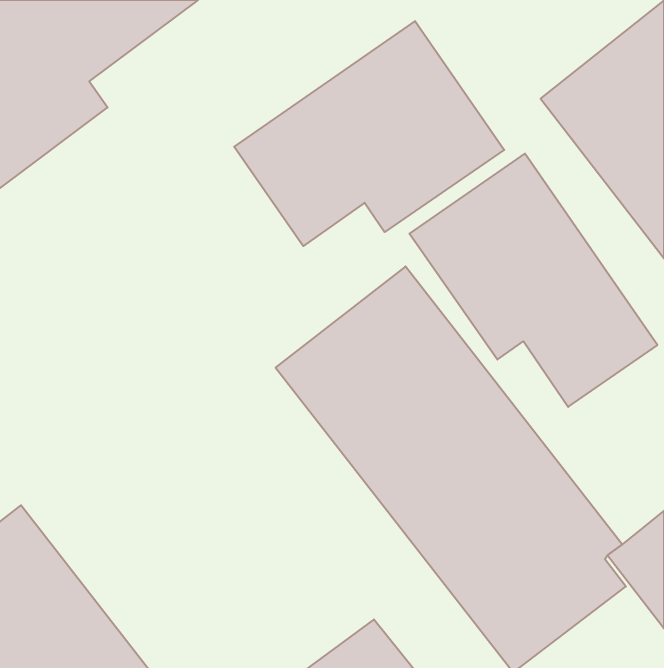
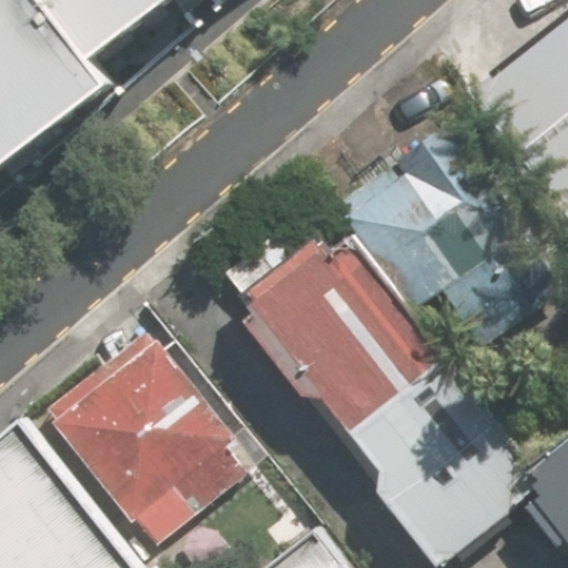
building: [234,21,504,246] -> none
building: none -> [43,331,254,521]

